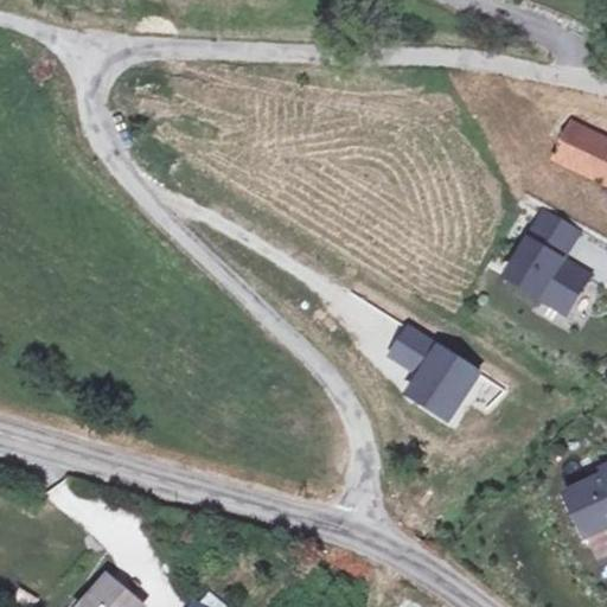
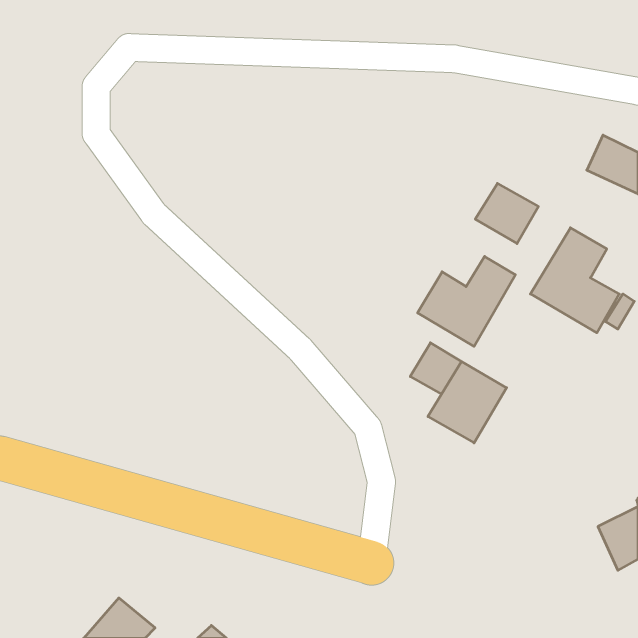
building: none -> [475,183,538,244]
building: none -> [418,256,515,346]

